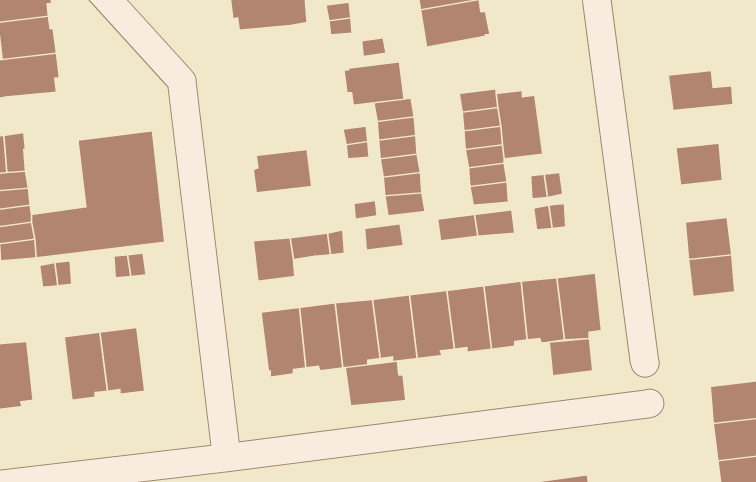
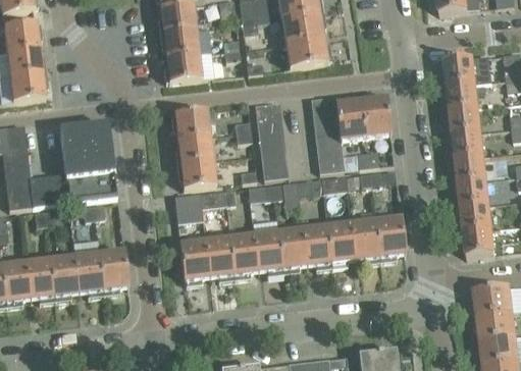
building: none -> [163,53,202,82]
building: none -> [445,55,491,86]
building: [344,62,404,105] -> [170,110,210,139]
building: none -> [360,93,389,138]
building: none -> [451,106,481,134]
building: none -> [456,155,486,182]
building: none -> [176,159,216,188]
building: none -> [271,180,300,211]
building: none -> [464,228,493,256]
building: none -> [98,249,127,294]
building: none -> [25,258,55,302]
building: [549,338,593,376] -> none
building: [345,361,406,406] -> none

